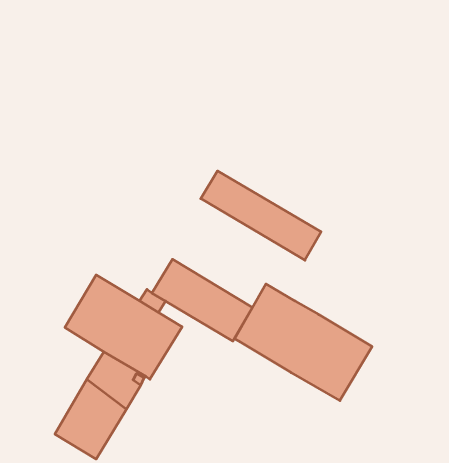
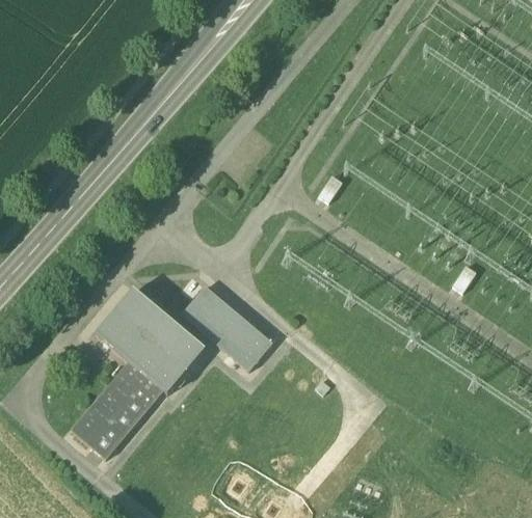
building: [201,171,321,260] -> none
building: [234,284,372,401] -> none

